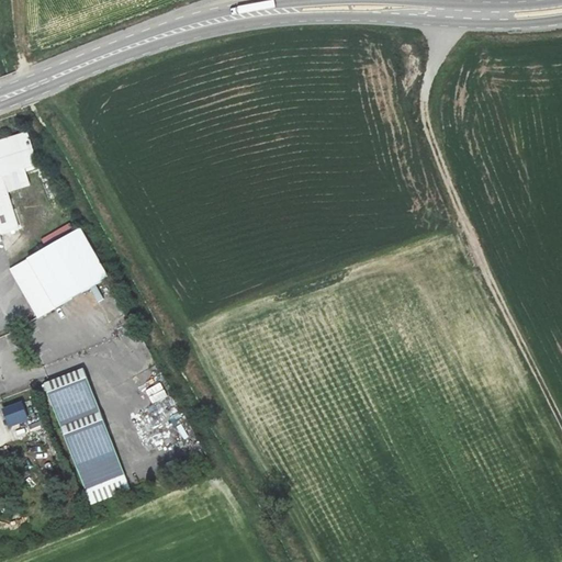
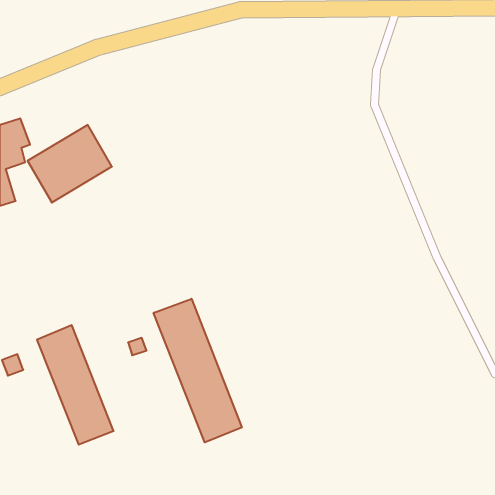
building: [10,227,105,315] -> [28,125,112,203]
building: none -> [154,299,242,442]

